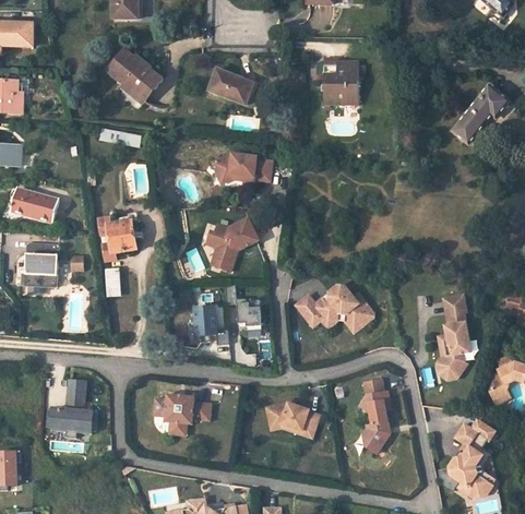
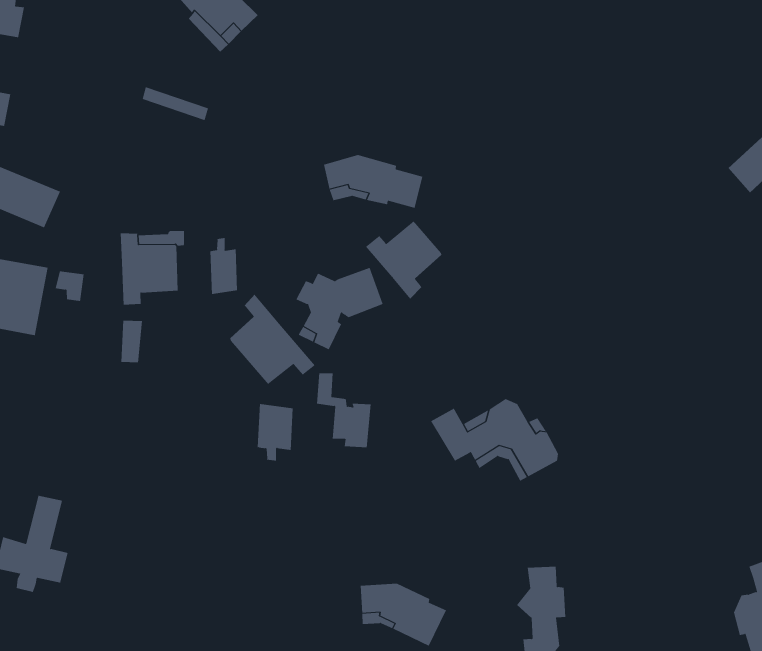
building: [323,61,366,103] -> none
building: [208,69,252,104] -> none
building: none -> [365,221,442,299]
building: none -> [210,237,238,295]
building: none -> [230,294,315,385]
building: [441,294,470,374] -> none
building: [153,395,211,433] -> none

